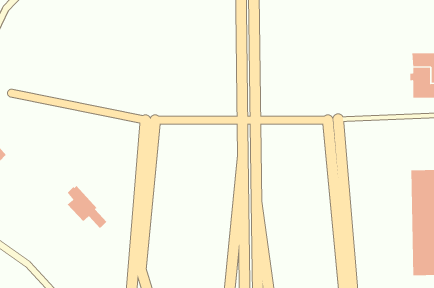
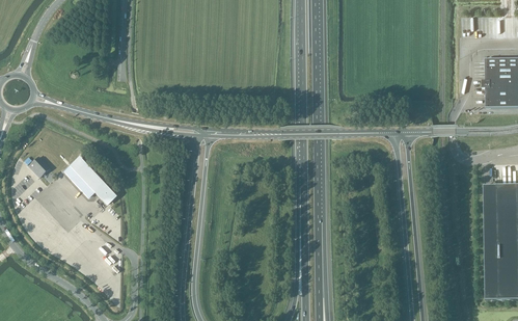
building: [67,185,107,229] -> [72,157,115,204]

